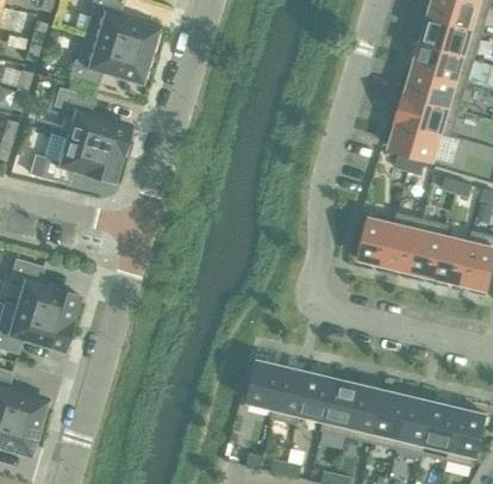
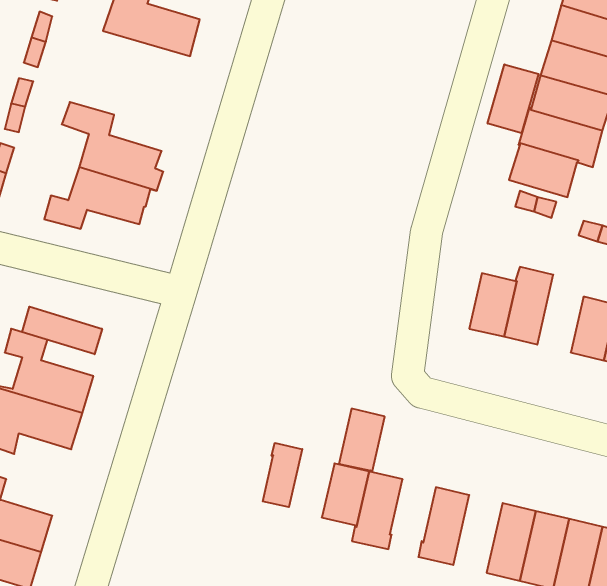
building: [69,35,149,86] -> none
building: none -> [488,64,539,133]
building: [410,218,448,277] -> none
building: none -> [22,307,102,354]
building: none -> [263,443,302,507]
building: [299,372,333,420] -> [339,409,385,472]
building: [347,384,383,442] -> none

